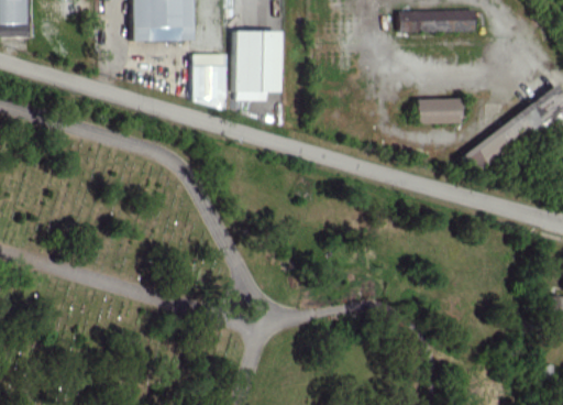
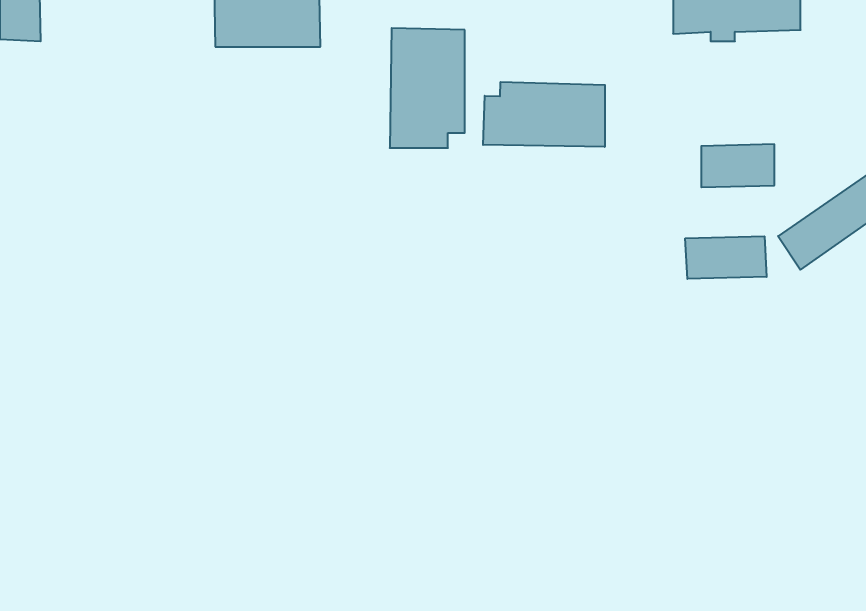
building: [195,54,228,106] -> none
building: none -> [483,82,605,147]
building: none -> [685,236,767,279]

